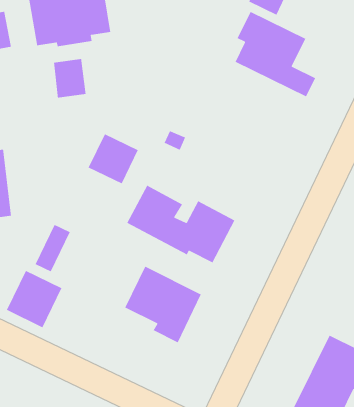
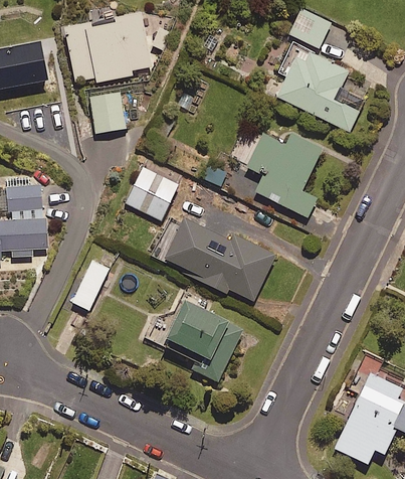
building: none -> [248,135,322,217]
building: [6,270,62,328] -> none

